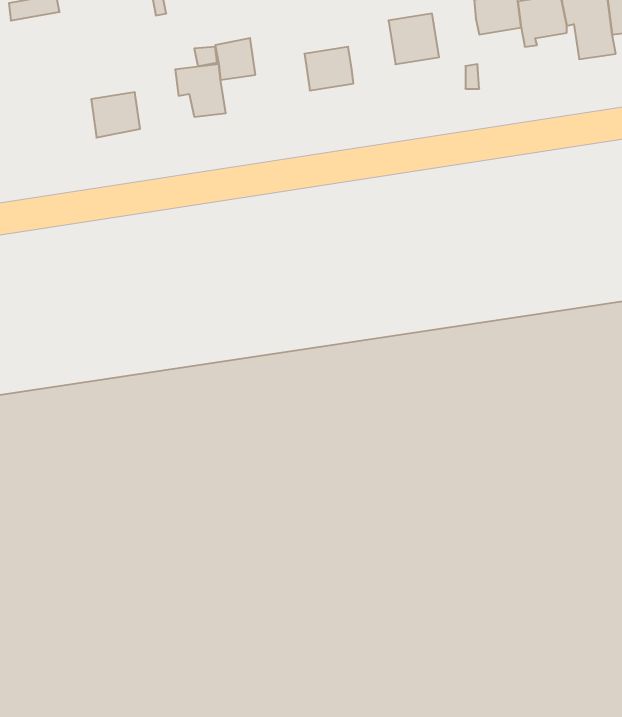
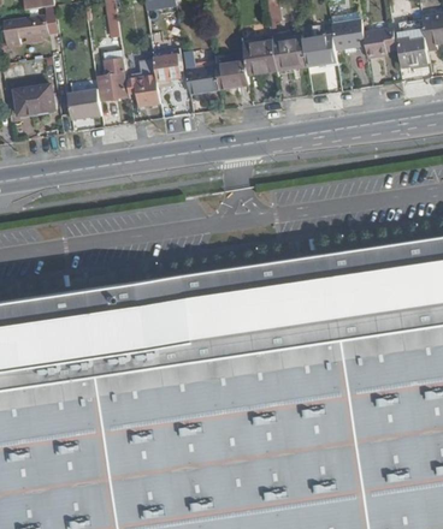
building: none -> [305,41,337,67]
building: none -> [243,42,278,76]
building: none -> [99,60,128,102]
building: none -> [187,65,219,94]
building: none -> [17,87,55,117]

